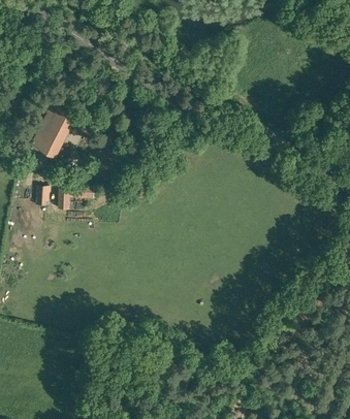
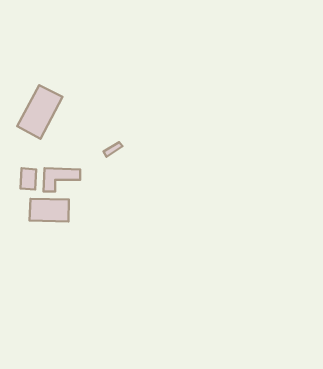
building: none -> [29,199,69,222]

